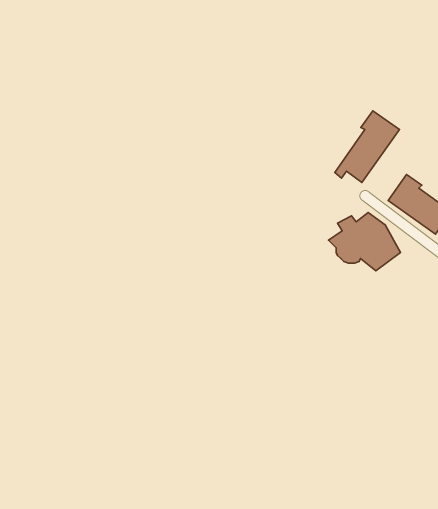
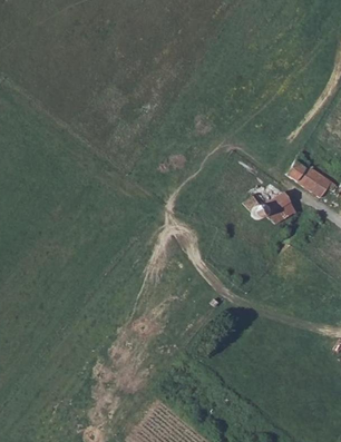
building: [335,111,399,182] -> none

